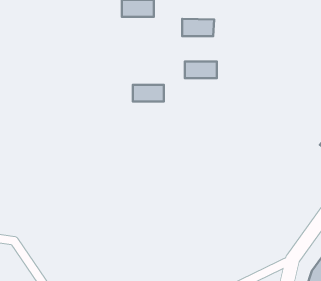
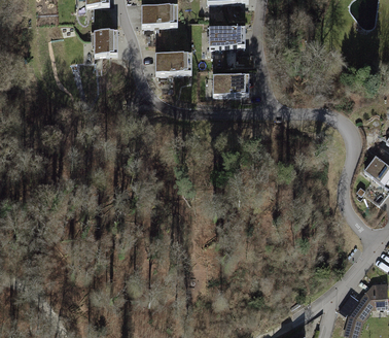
building: none -> [90,32,114,57]
building: [133,85,164,101] -> [152,56,187,74]

